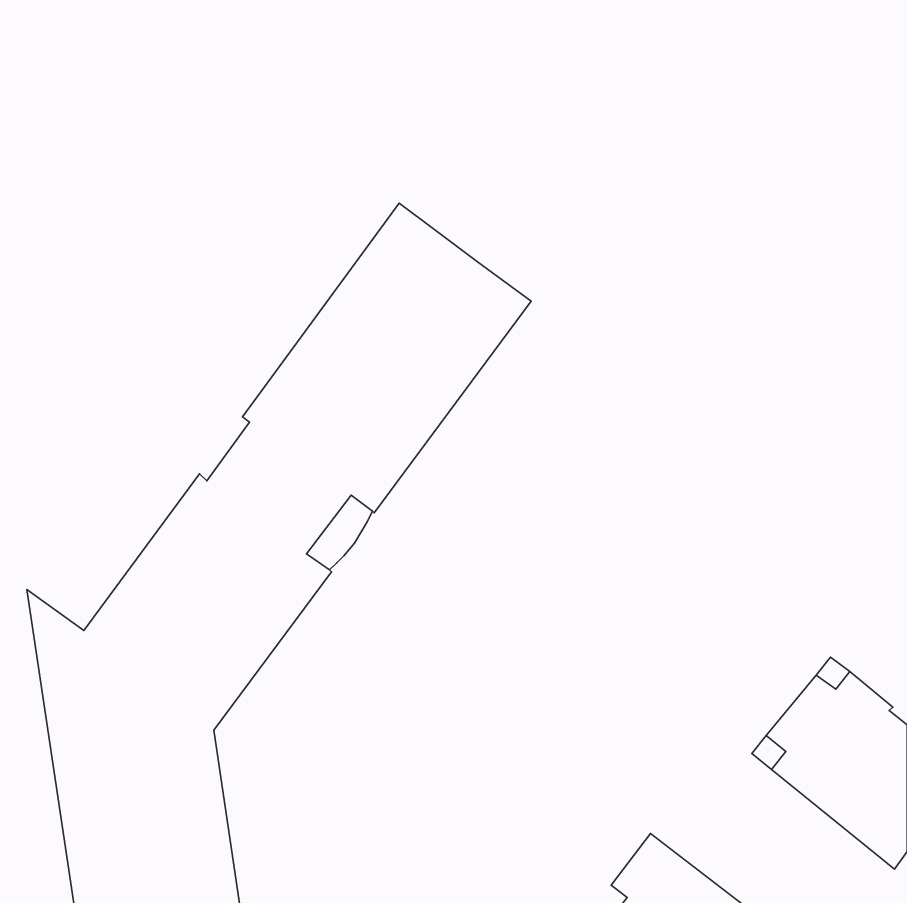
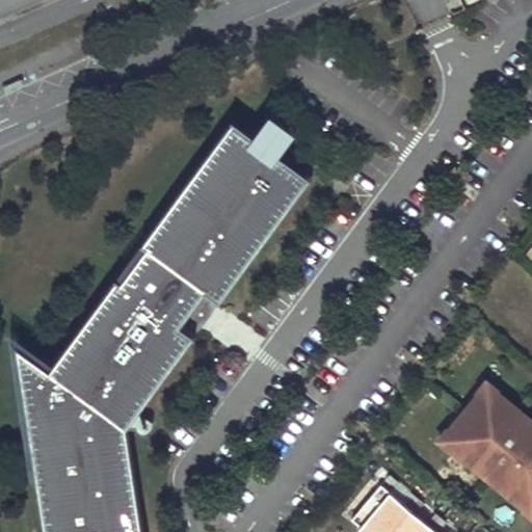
building: none -> [254,115,295,157]

